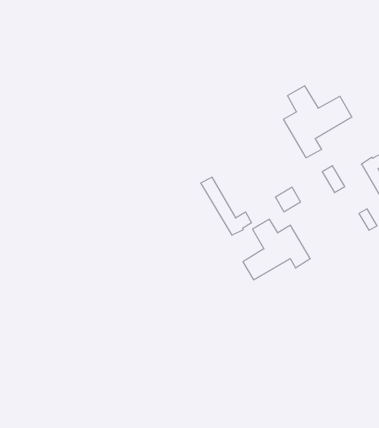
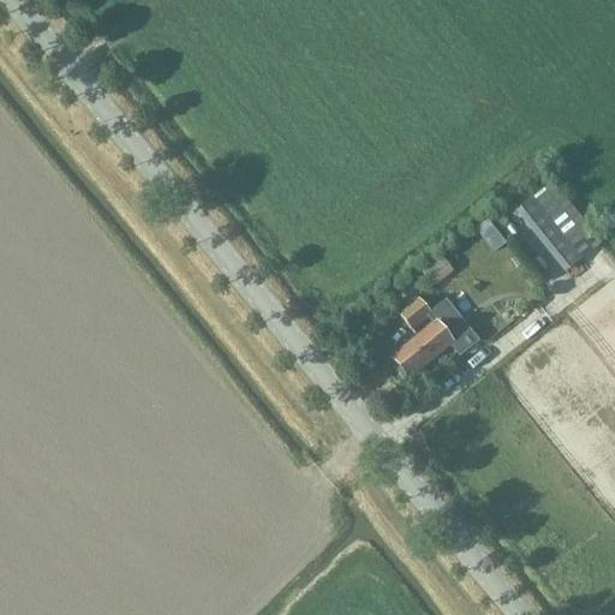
building: [284,86,352,158] -> none
building: [201,177,251,235] -> none

